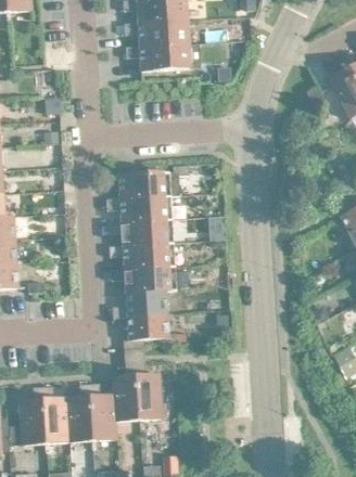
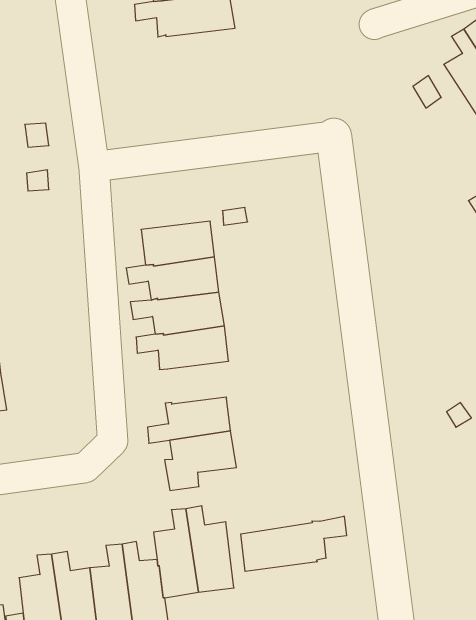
building: [126,44,192,72] -> none
building: [111,267,173,293] -> none
building: none -> [241,516,346,571]

